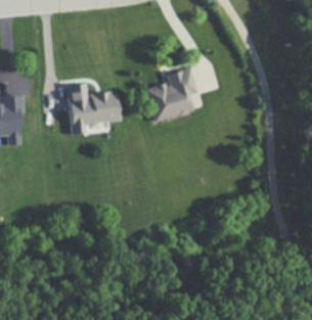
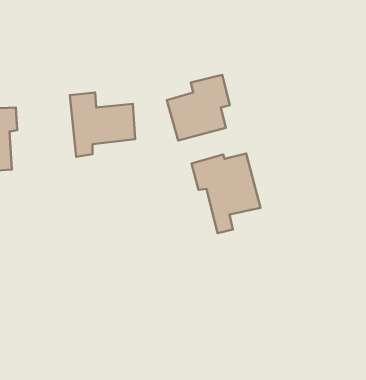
building: none -> [192,153,260,233]

